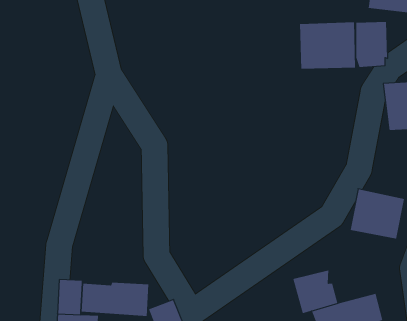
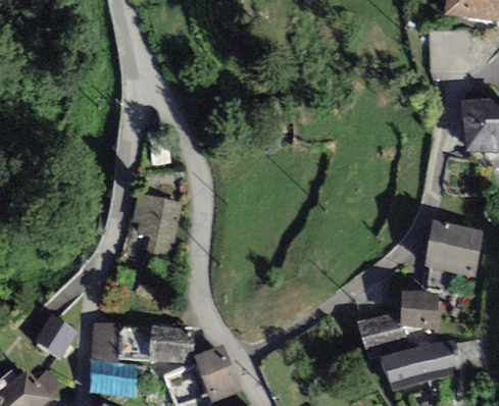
building: [299,21,356,69] -> none
building: none -> [132,195,183,258]
building: none -> [398,291,440,331]
building: none -> [34,314,78,360]

